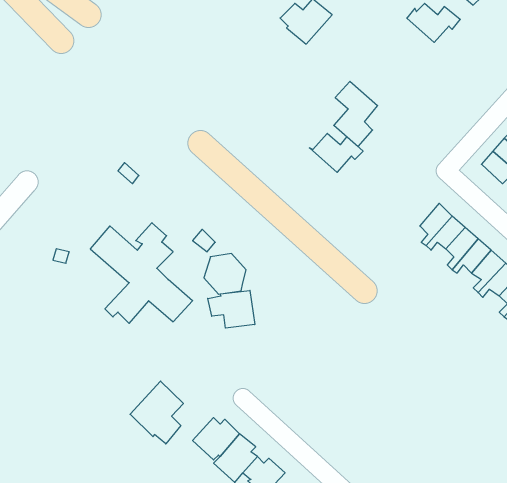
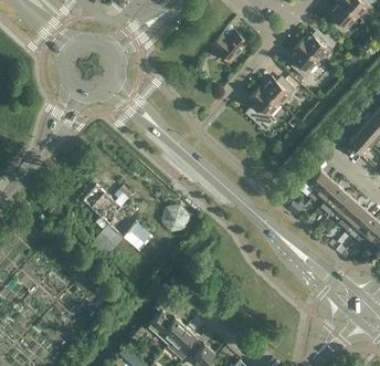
building: none -> [291,44,317,80]
building: [309,133,363,172] -> [260,77,296,104]
building: [208,290,255,328] -> none
building: [130,381,183,444] -> none

